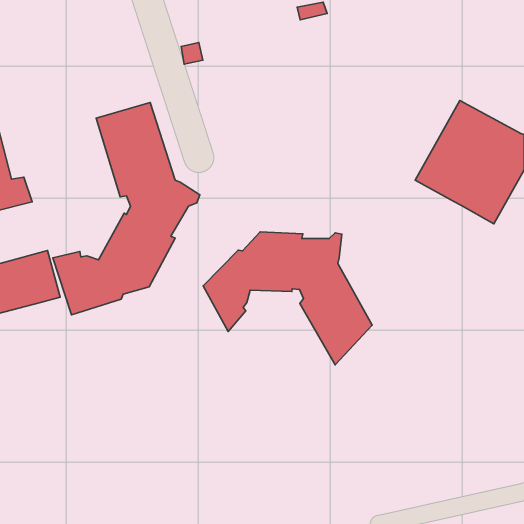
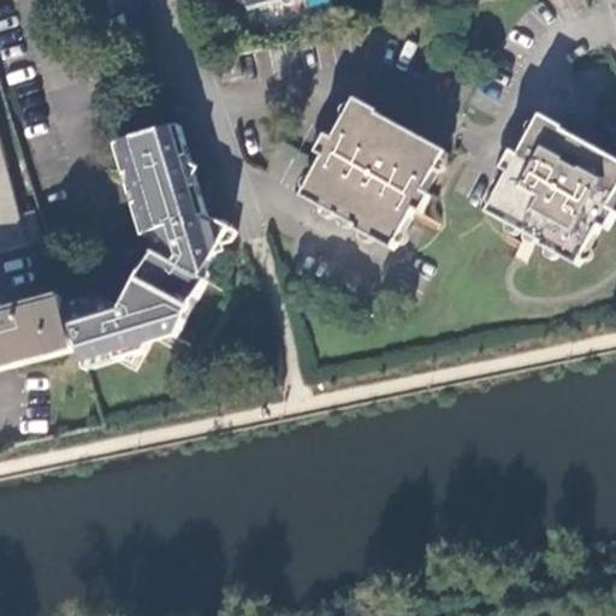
building: none -> [298,97,442,242]
building: [203,232,372,365] -> none

